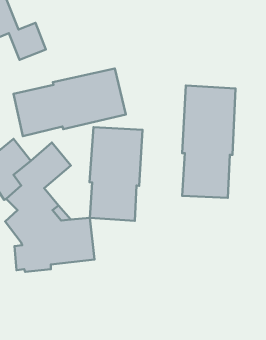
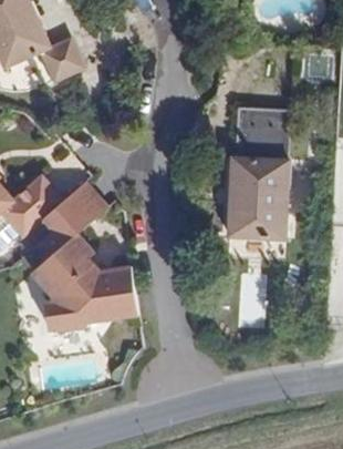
building: [14,68,126,136] -> none
building: [89,127,142,221] -> none

